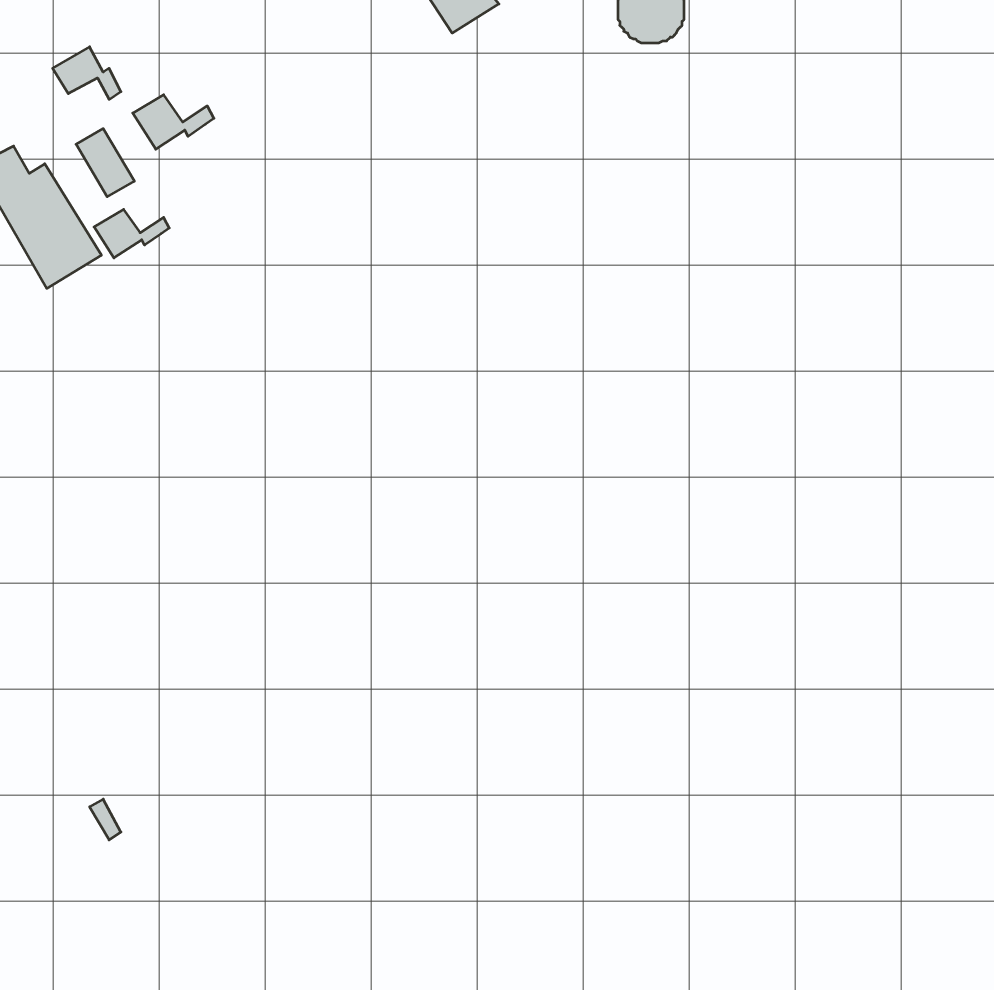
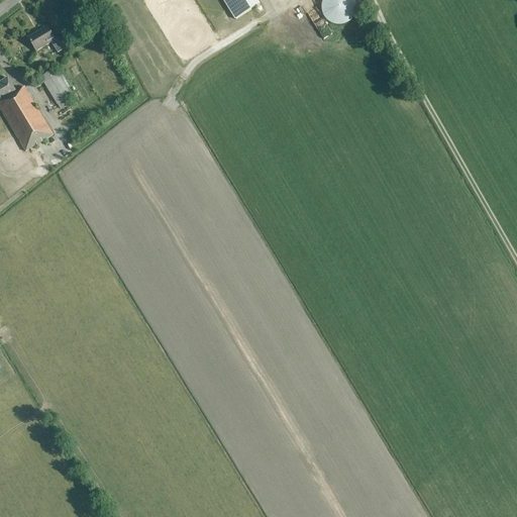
building: [133,95,214,149] -> none
building: [94,209,169,258] -> none

